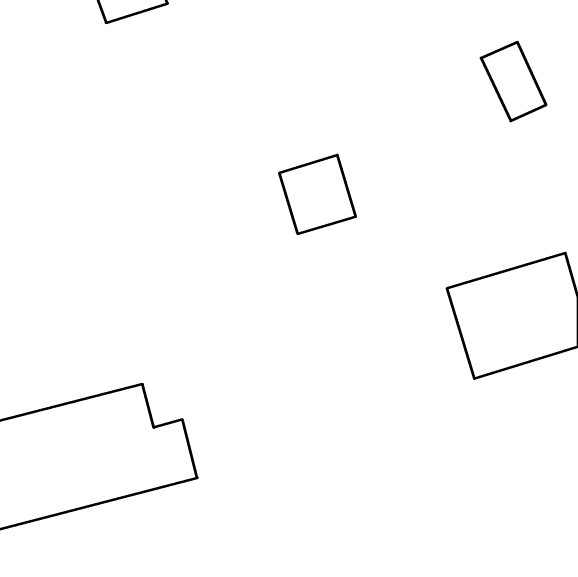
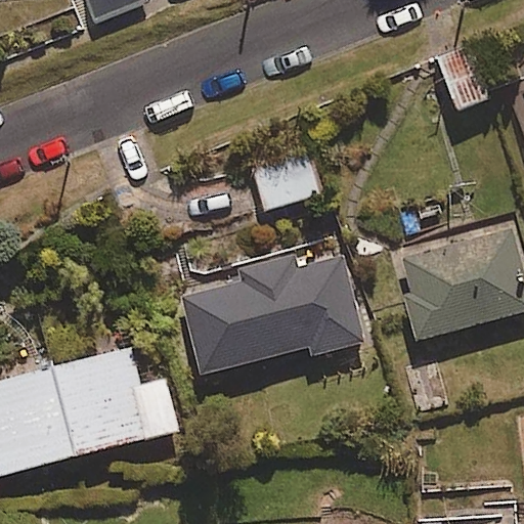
building: none -> [175,233,364,380]

